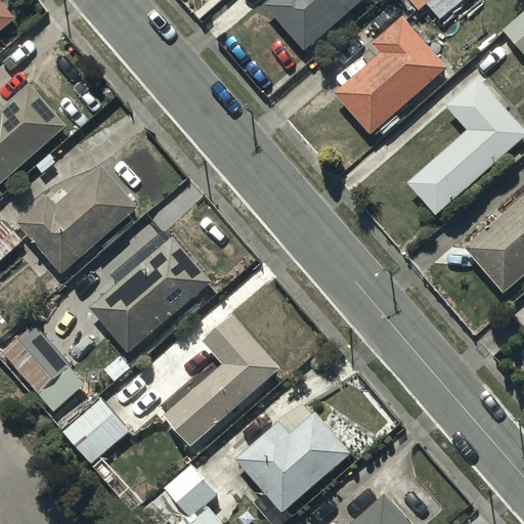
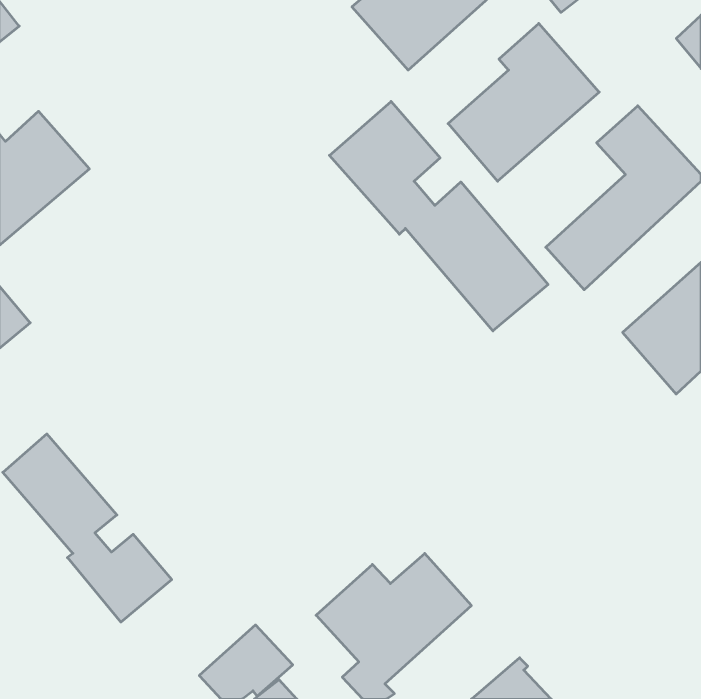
building: none -> [329,101,548,331]
building: [16,166,136,273] -> none
building: [90,236,212,353] -> none
building: [164,315,278,445] -> none

